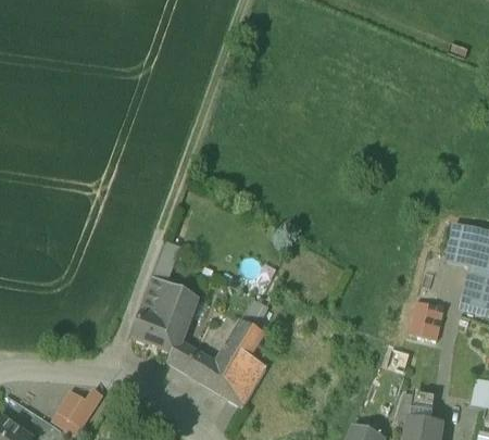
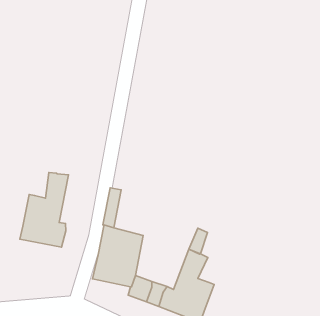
building: none -> [20,172,68,247]

